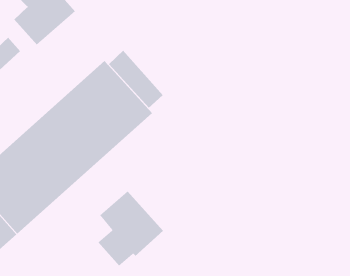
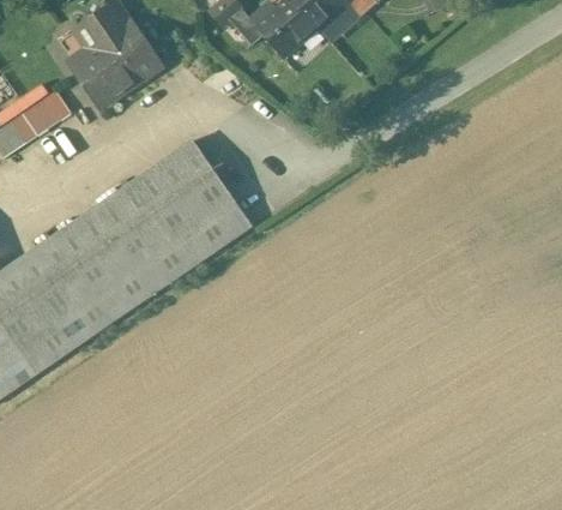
building: [108,50,164,108] -> none
building: [98,190,164,266] -> none

